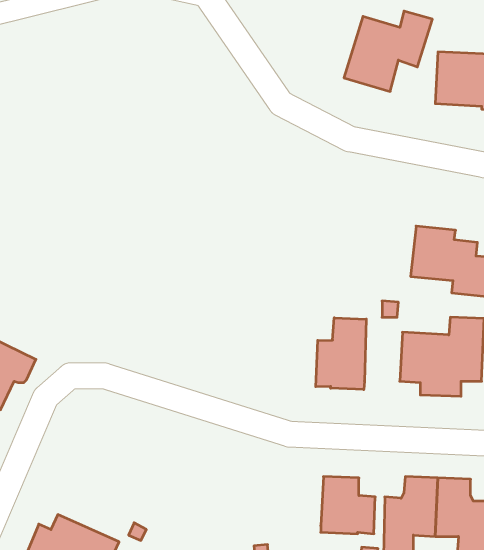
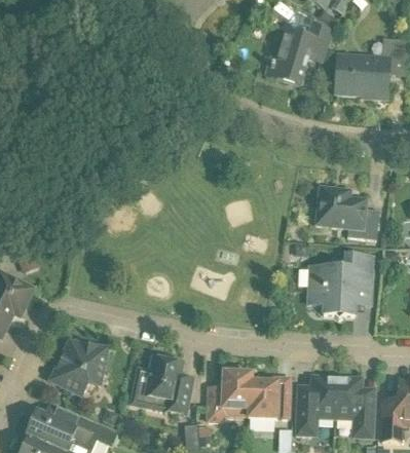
building: [316,318,366,390] -> none
building: none -> [50,340,108,395]
building: none -> [129,357,193,414]
building: none -> [208,372,251,421]

